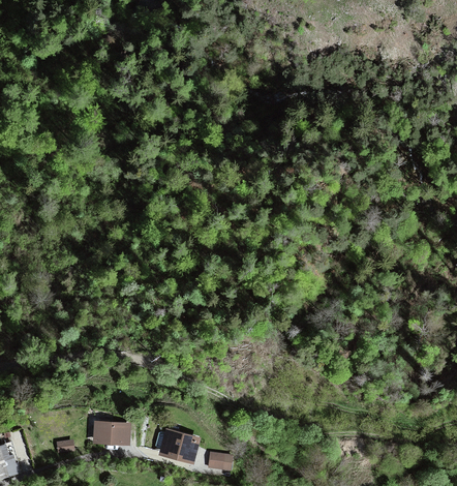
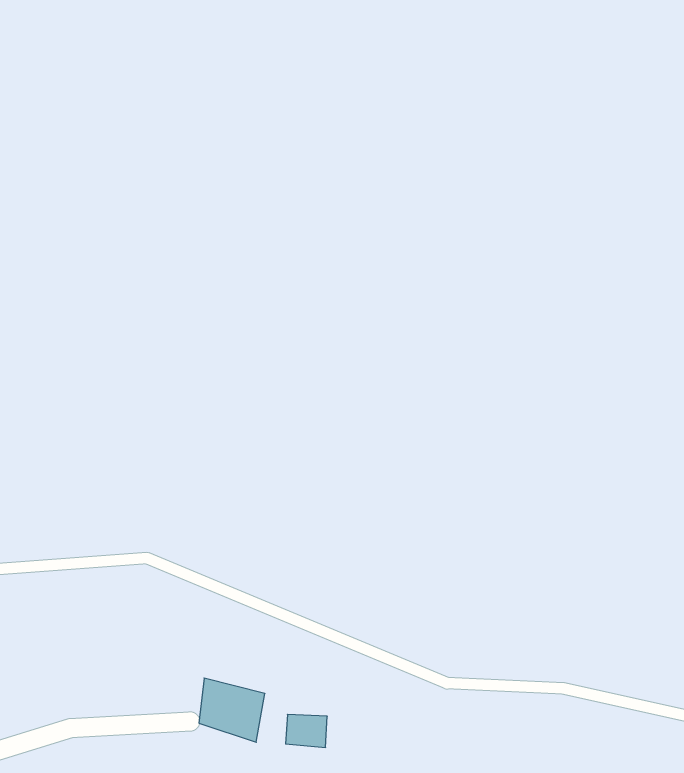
building: [91,420,129,446] -> none

